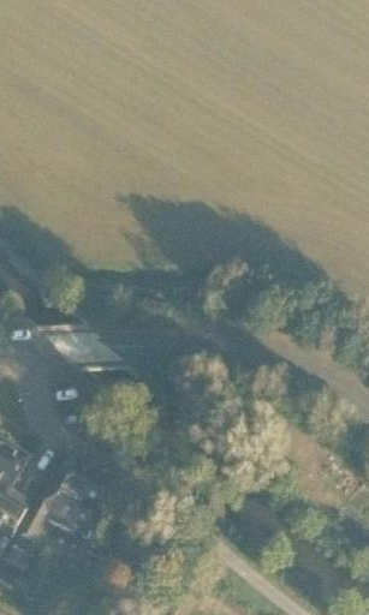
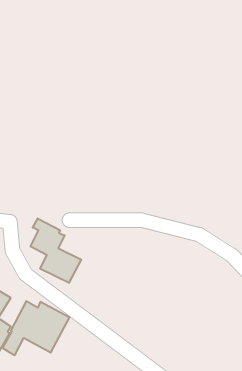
building: none -> [31,218,81,283]

